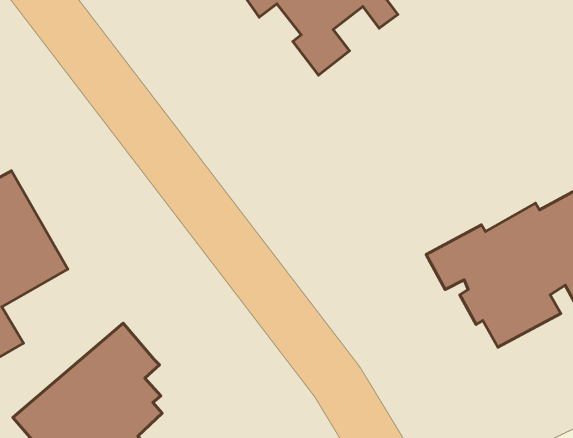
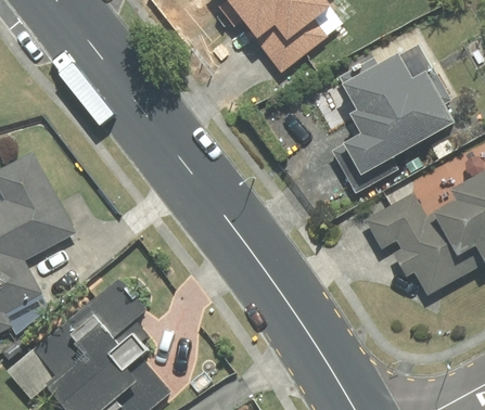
building: none -> [332,51,459,195]

